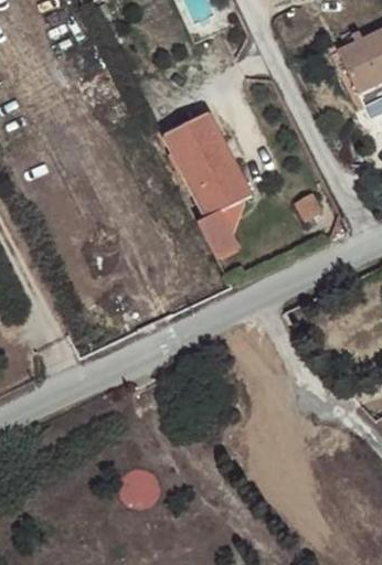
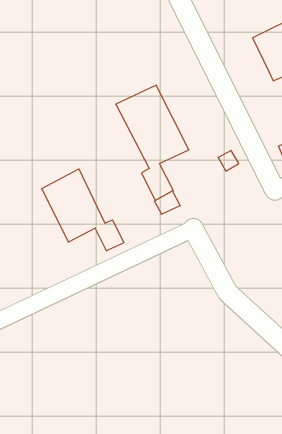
building: none -> [42,169,124,251]

